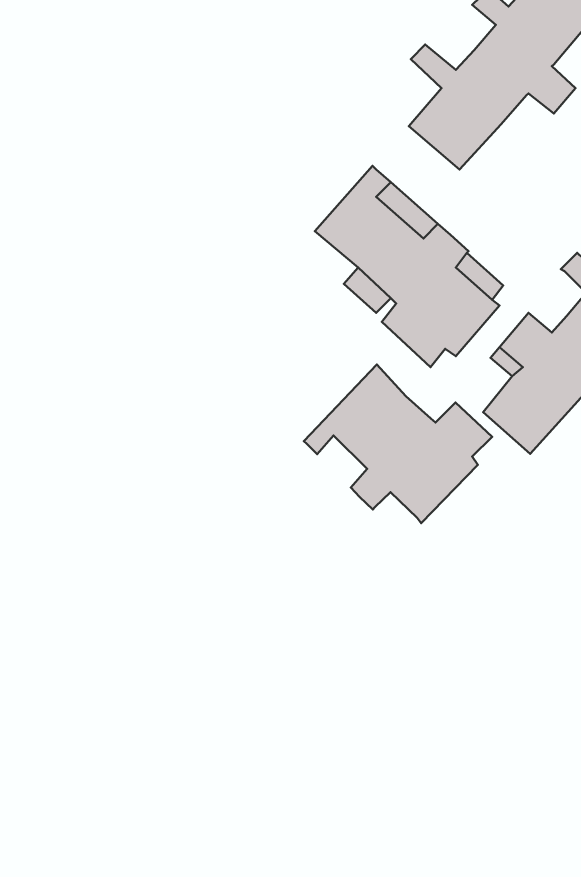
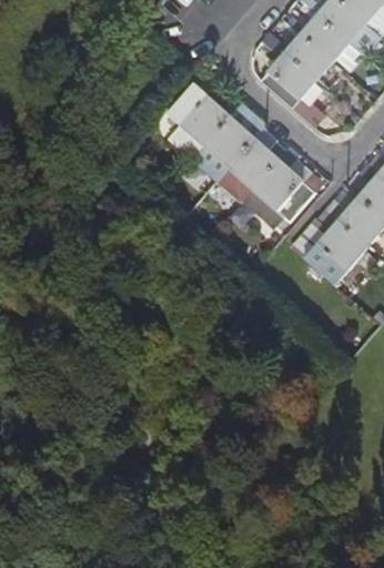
building: none -> [164,84,236,161]
building: [304,364,492,523] -> none

